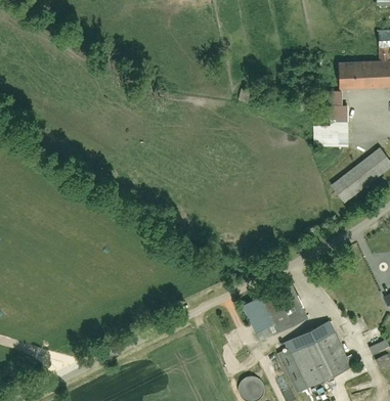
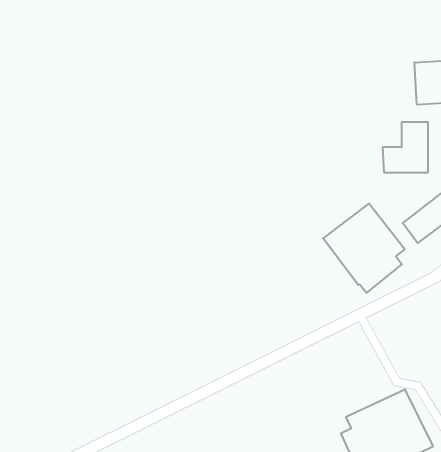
building: none -> [323,204,405,293]
building: [243,284,305,340] -> none

